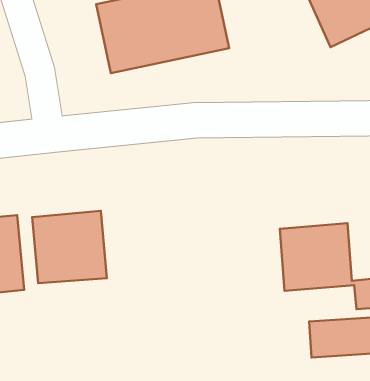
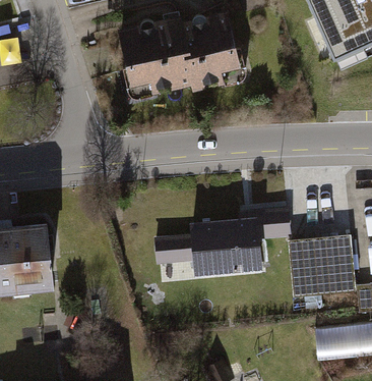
building: none -> [156,210,288,268]
building: [32,211,107,283] -> none

